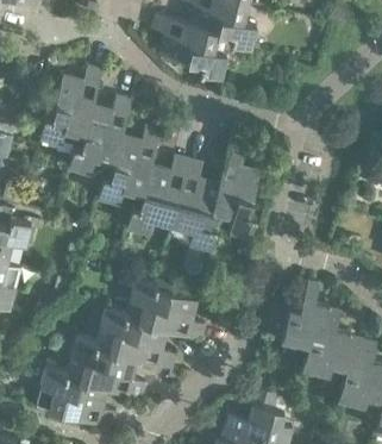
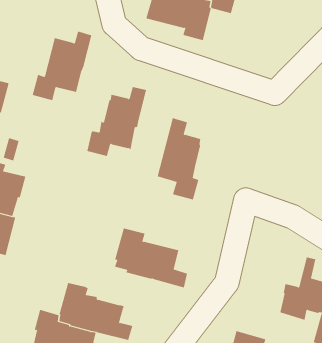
building: [65,98,131,176] -> none
building: [212,149,259,238] -> none
building: [125,157,187,232] -> none
building: [265,282,330,349] -> none
building: [95,307,174,371] -> none

